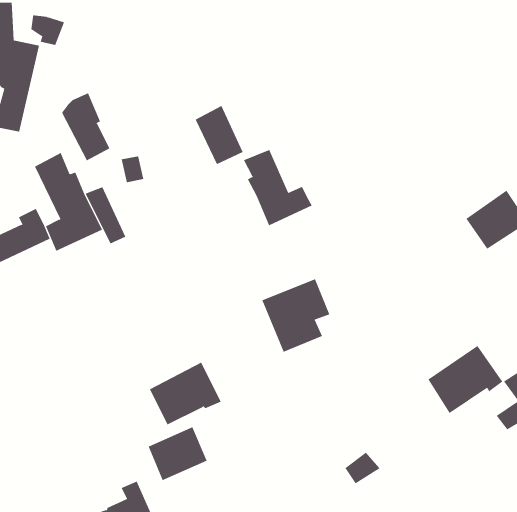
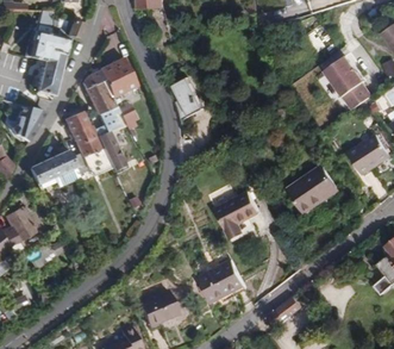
building: none -> [325,55,371,110]
building: none -> [98,58,135,98]
building: [243,149,312,226] -> none
building: [427,345,503,414] -> [287,166,337,211]
building: [149,362,221,425] -> [196,260,244,301]

